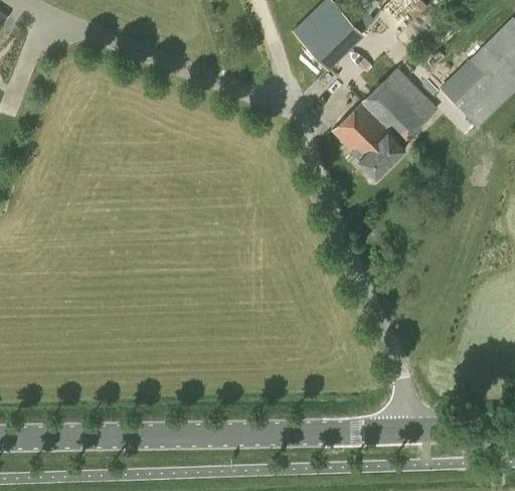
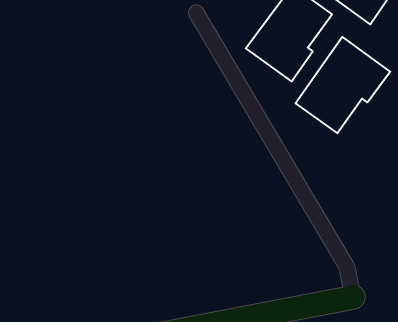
building: none -> [296,37,390,133]

